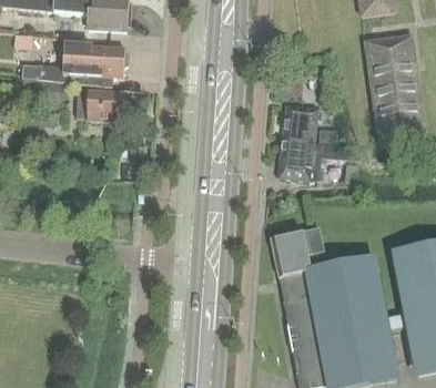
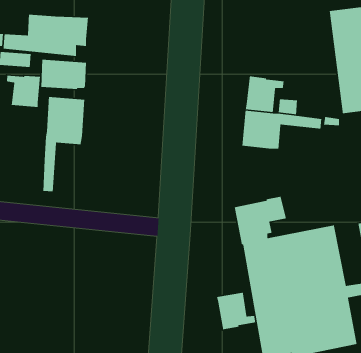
building: none -> [6,75,41,108]
building: none -> [42,96,85,192]
building: none -> [216,292,256,330]

